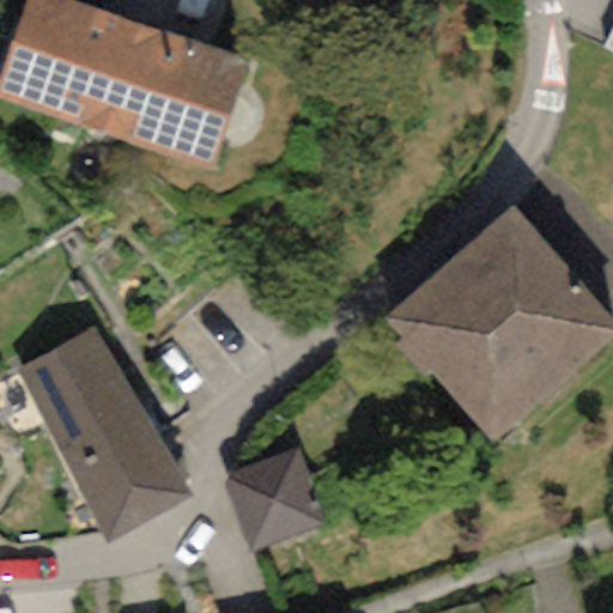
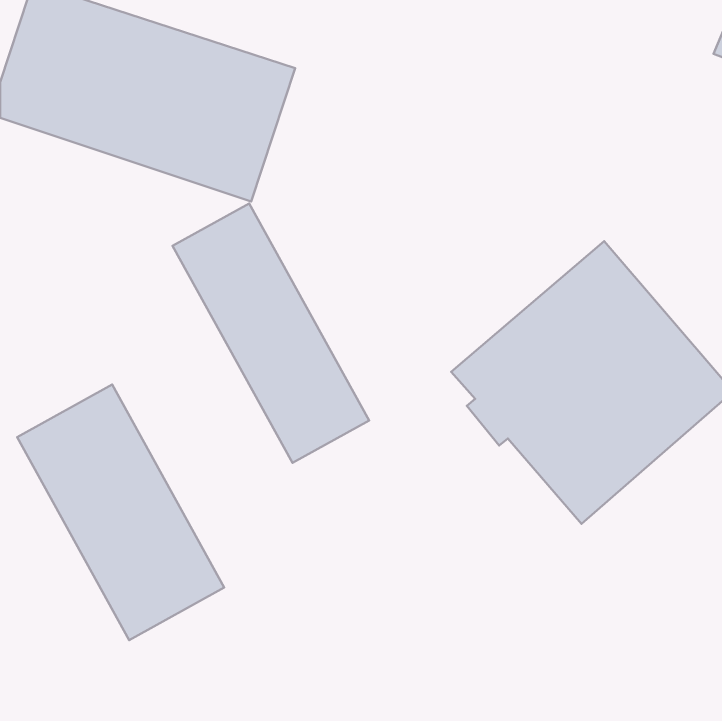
building: none -> [172,203,369,463]
building: [224,445,324,548] -> none

